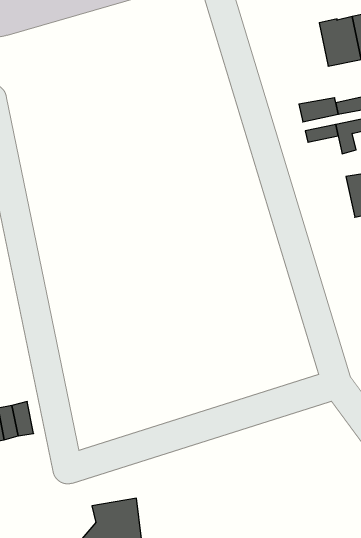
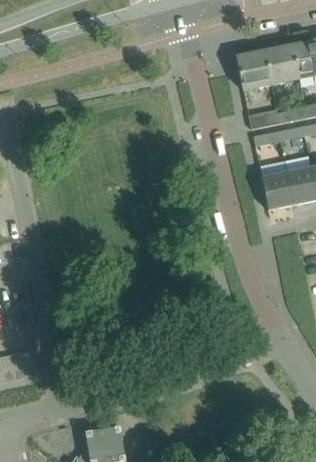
building: none -> [237,49,272,89]
building: none -> [262,171,293,208]

